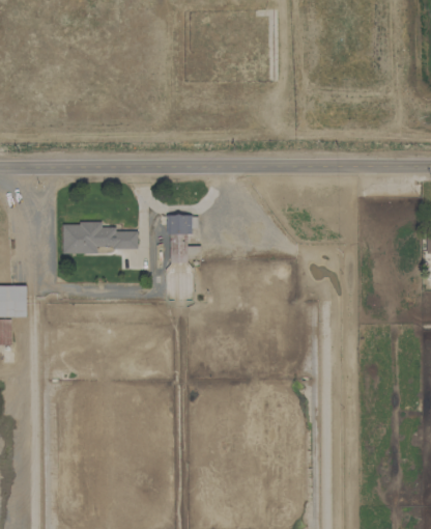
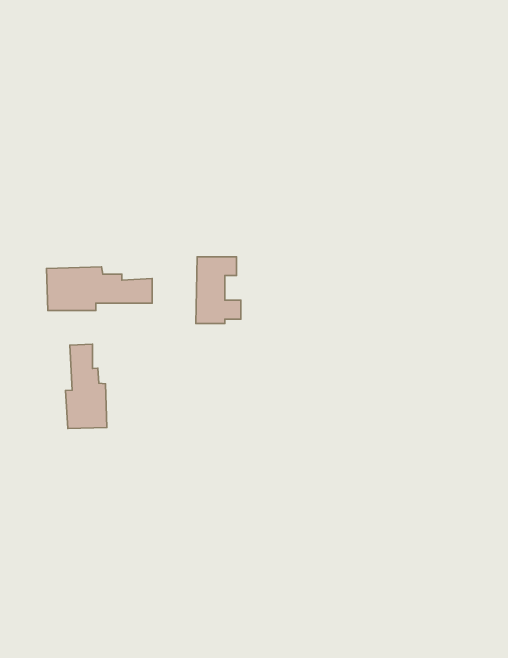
building: none -> [66,344,107,428]

